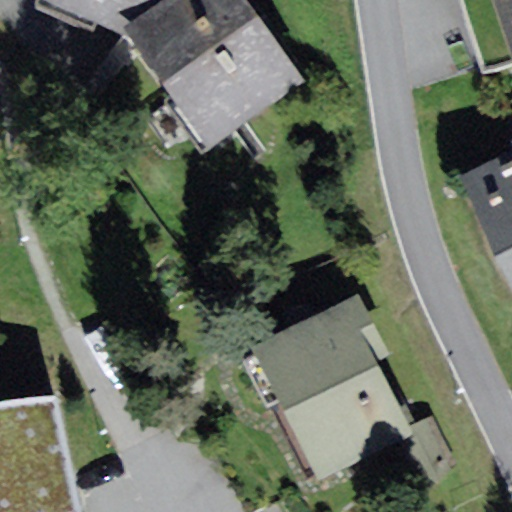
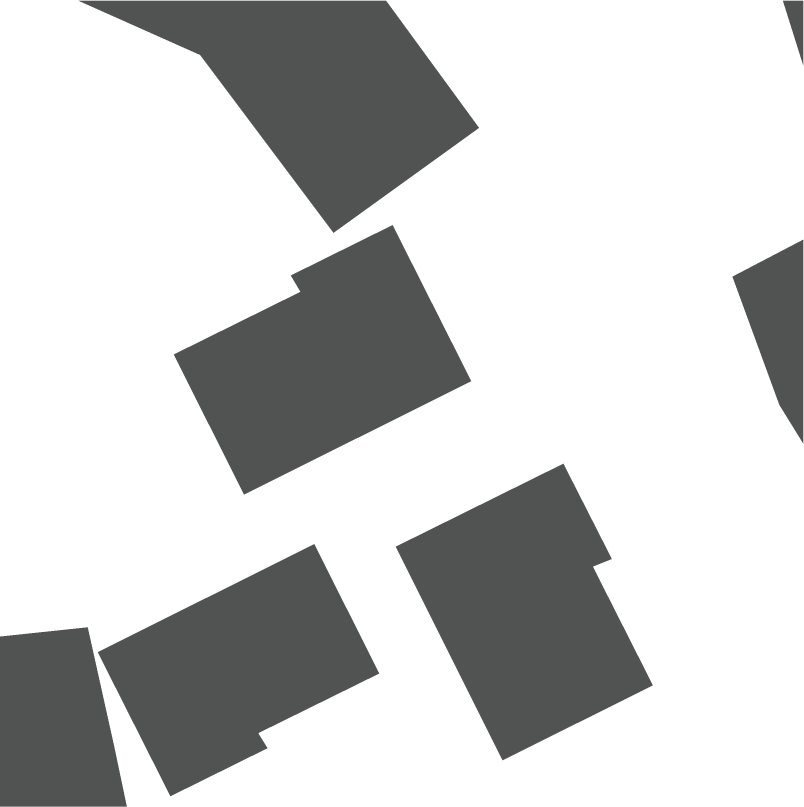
building: none -> [173,224,472,496]
building: none -> [97,543,380,797]

